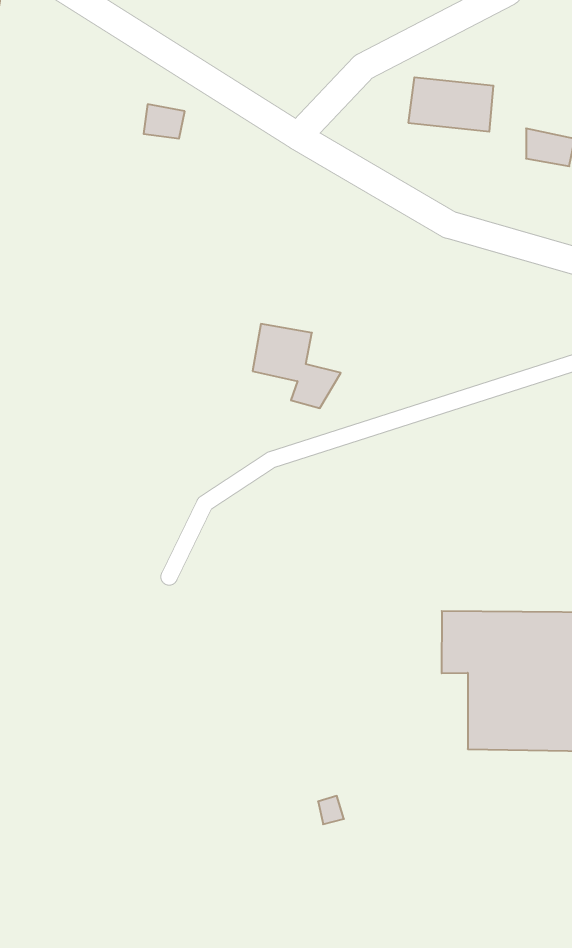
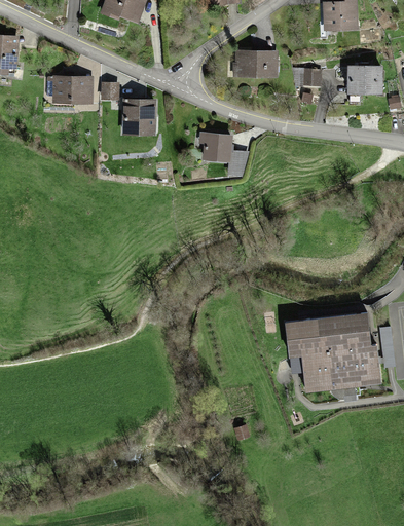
building: none -> [52,77,93,100]
building: none -> [123,101,153,136]
building: [253,324,341,408] -> [204,135,249,174]

